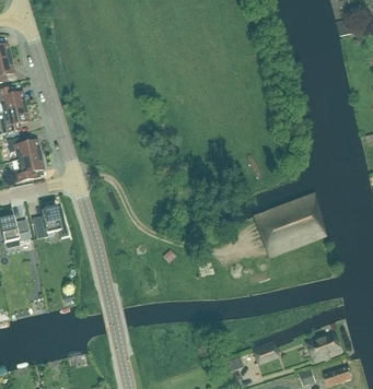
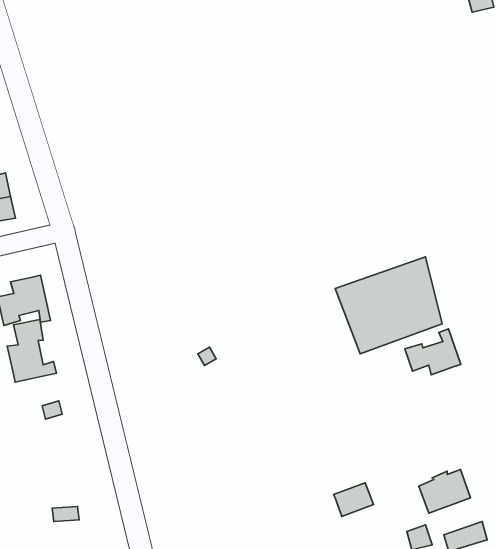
building: none -> [7,320,57,382]
building: none -> [405,329,461,375]

